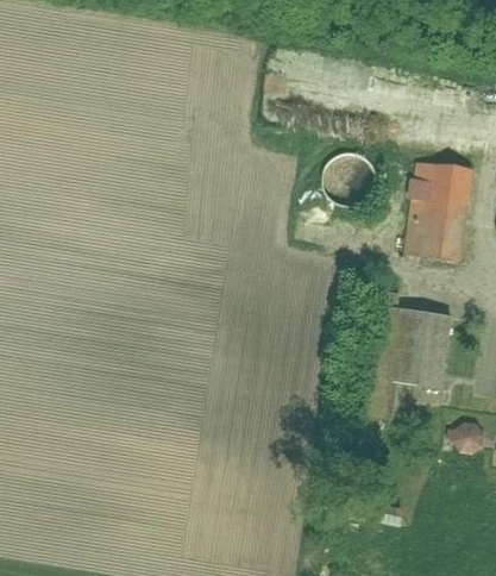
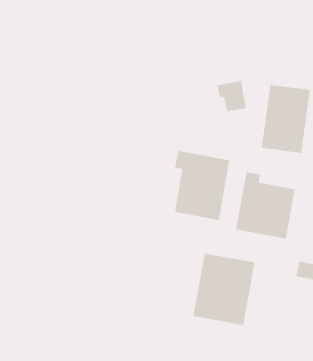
building: none -> [175,150,230,221]
building: none -> [193,253,255,326]

